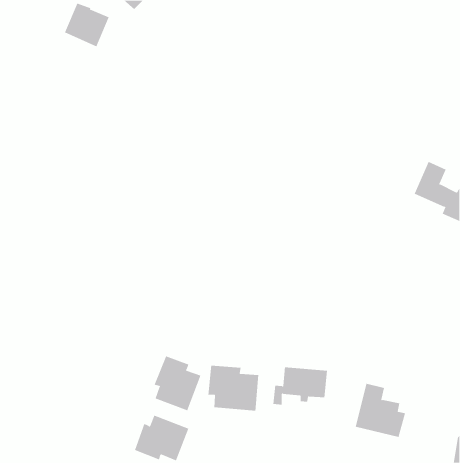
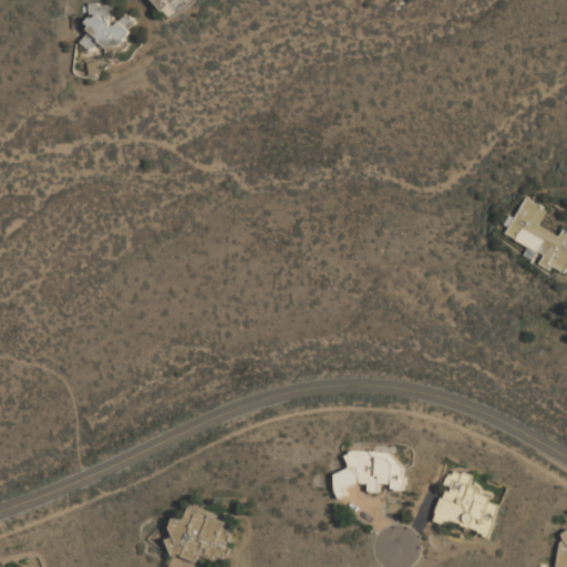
building: [154,355,201,411] -> none
building: [208,365,259,411] -> none

